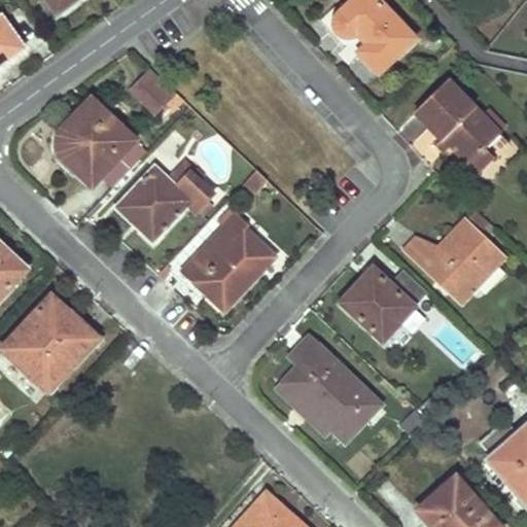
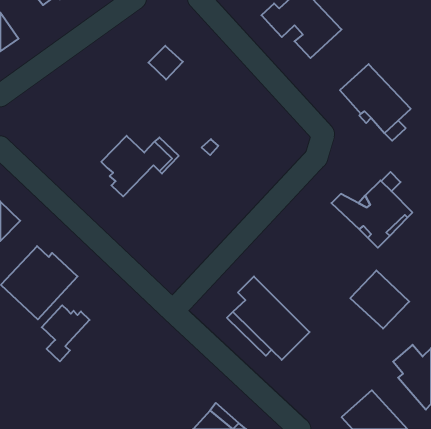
building: [131,70,173,111] -> [148,46,183,80]
building: [56,106,145,185] -> none
building: [183,214,272,301] -> none
building: [341,268,413,339] -> [350,270,409,329]
building: none -> [42,305,90,361]

